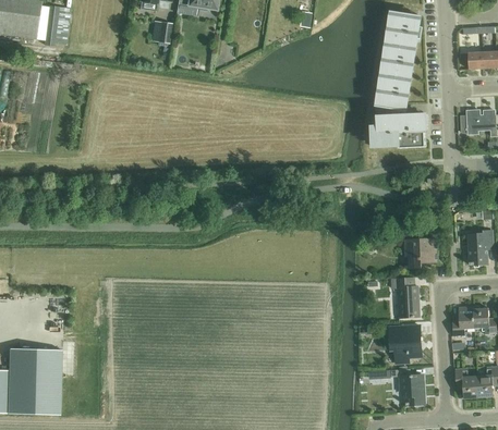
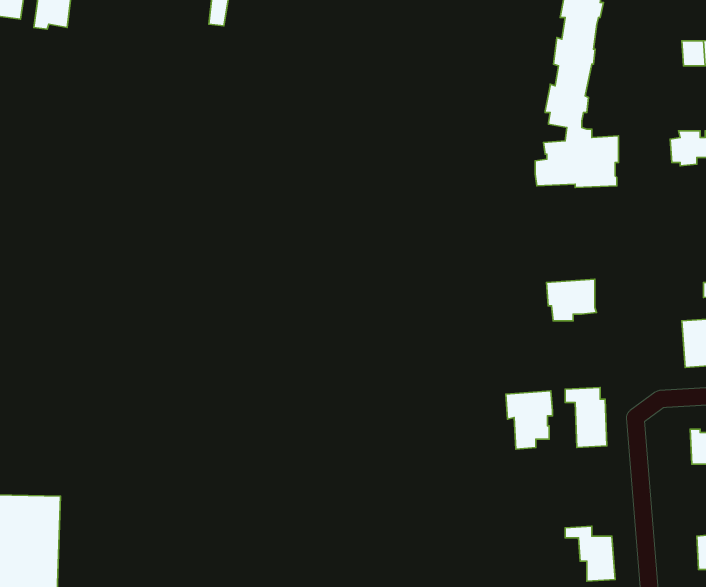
building: [404,239,437,267] -> [547,279,597,321]
building: [452,306,474,336] -> none
building: [389,325,420,364] -> [506,391,553,449]
building: [456,368,478,398] -> none

